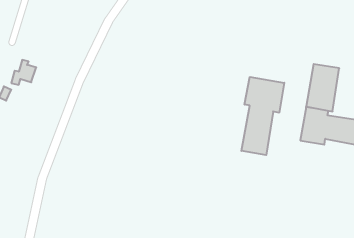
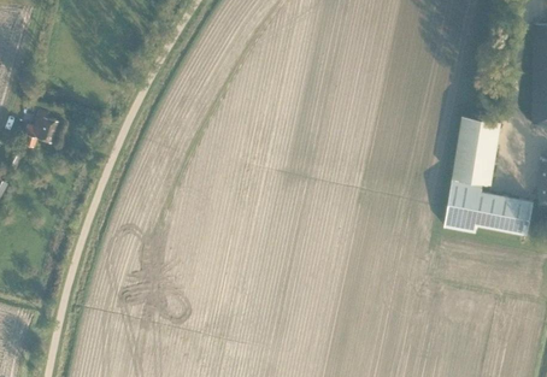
building: [241,77,284,155] -> none

